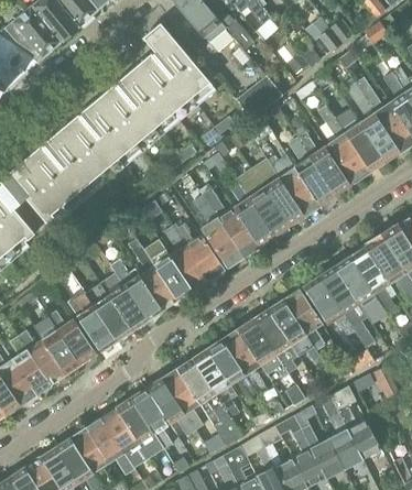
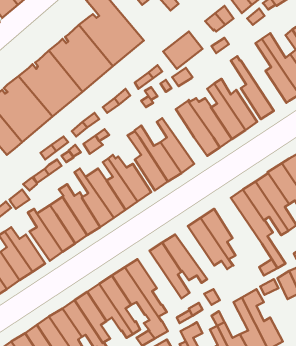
building: [329,104,384,171] -> none
building: [235,168,289,235] -> none
building: [302,275,355,334] -> none
building: [250,309,297,373] -> none
building: [205,339,258,401] -> none

